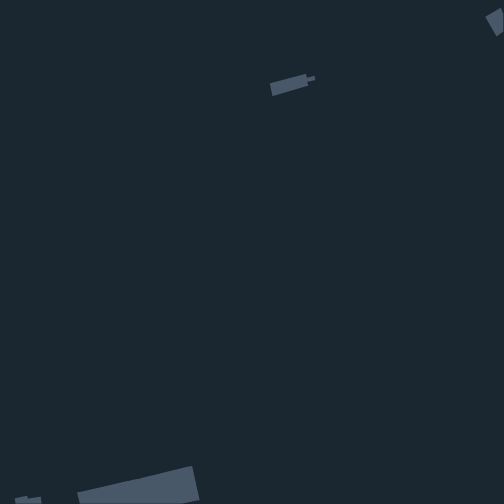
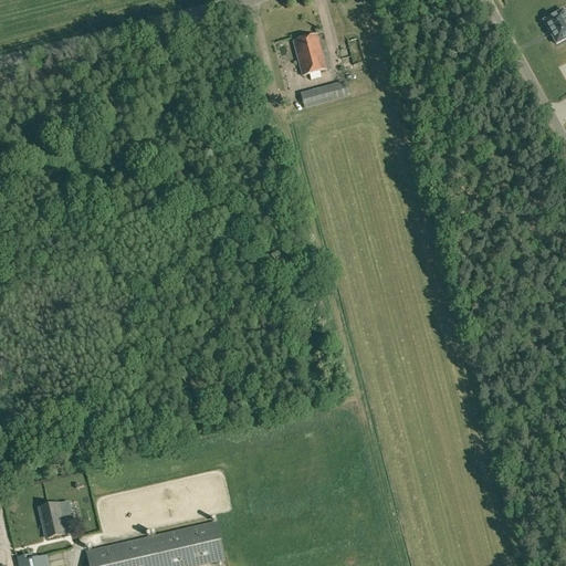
building: none -> [292,34,325,75]
building: none -> [39,503,65,538]

